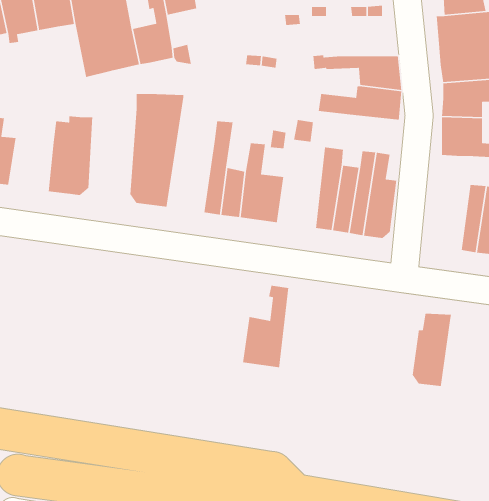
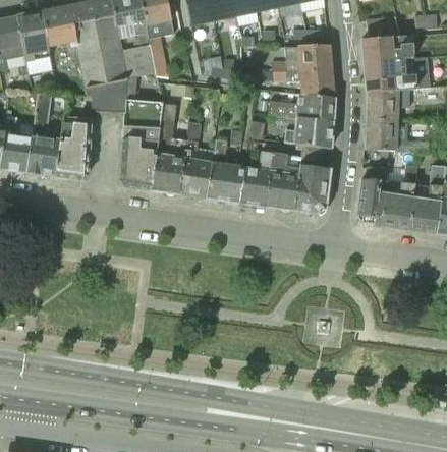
building: none -> [297,45,331,70]
building: none -> [86,76,135,112]
building: none -> [25,93,60,177]
building: none -> [150,103,186,193]
building: none -> [279,117,332,148]
building: [242,285,289,368] -> [236,140,273,206]
building: [412,313,452,387] -> [356,165,388,223]

